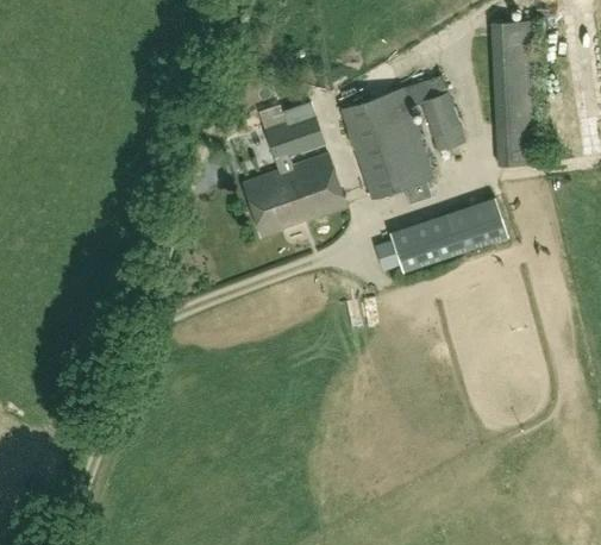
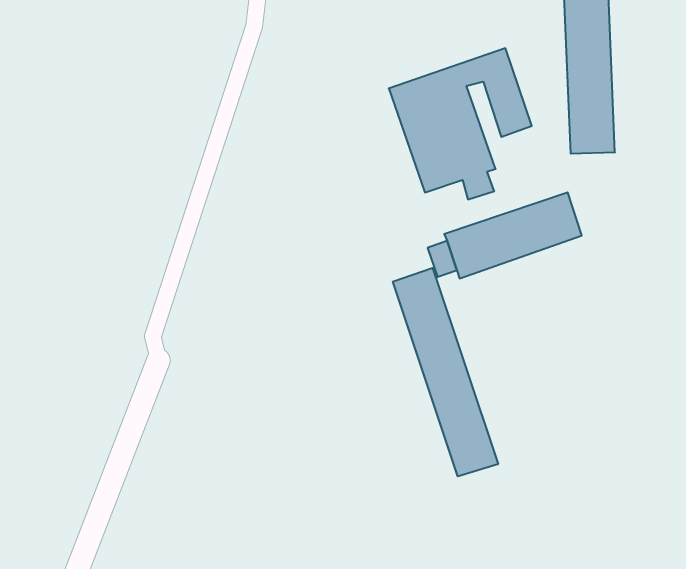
building: [242,112,345,237] -> none
building: none -> [393,268,498,476]

